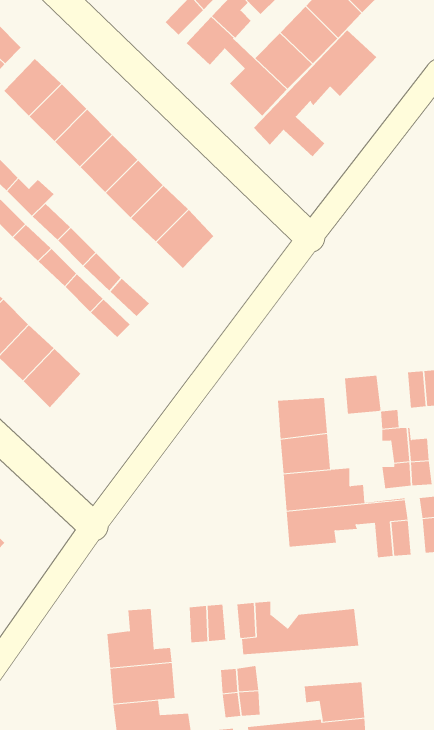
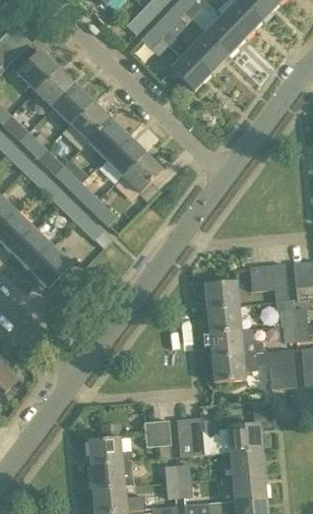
building: [253,29,377,157] -> none
building: none -> [221,450,262,477]

